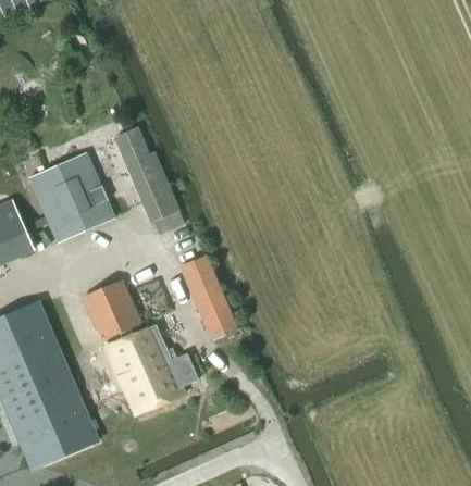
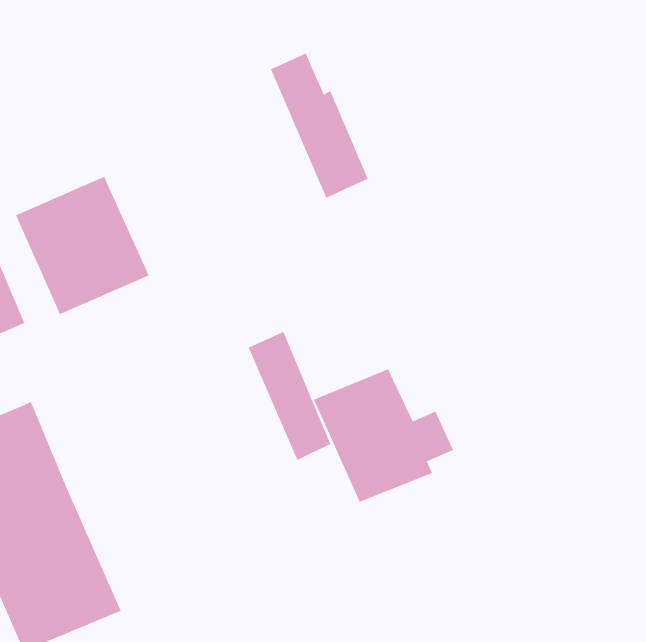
building: [113,126,178,223] -> [270,53,368,198]
building: [82,279,140,339] -> none
building: [104,324,198,413] -> [313,368,454,502]

